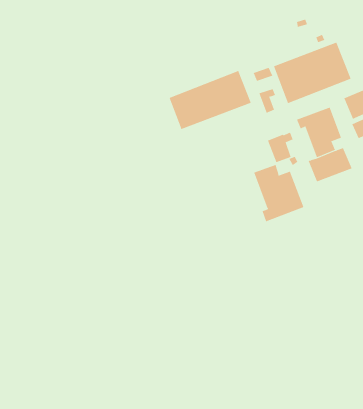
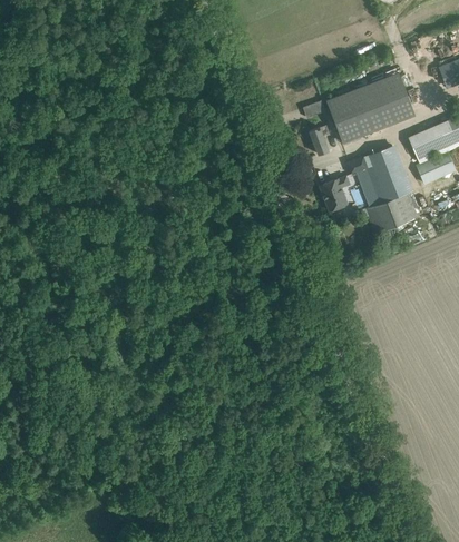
building: [169,70,251,130] -> none
building: [253,164,304,222] -> none

